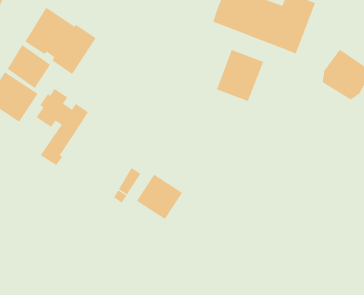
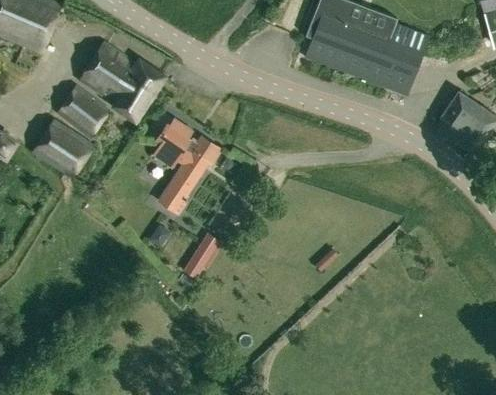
building: [216,49,264,102] -> none
building: [36,88,89,166] -> [153,119,217,213]
building: [136,174,183,220] -> none

